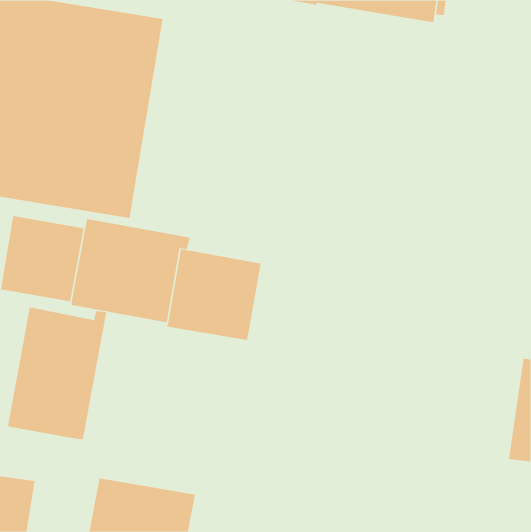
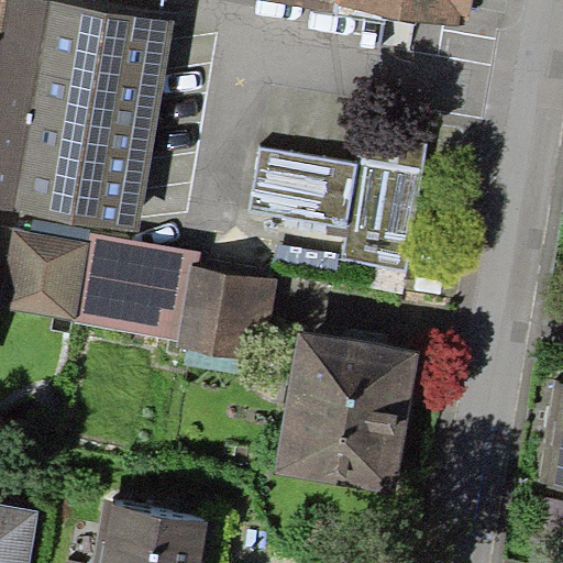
building: none -> [249,129,427,271]
building: [8,307,107,440] -> none
building: none -> [273,331,419,495]

